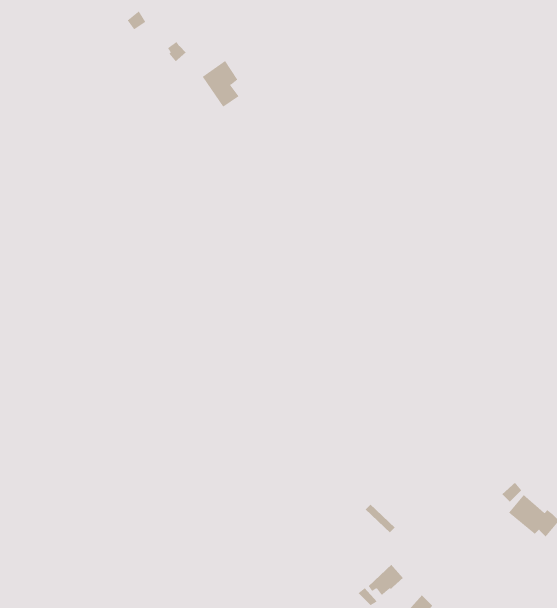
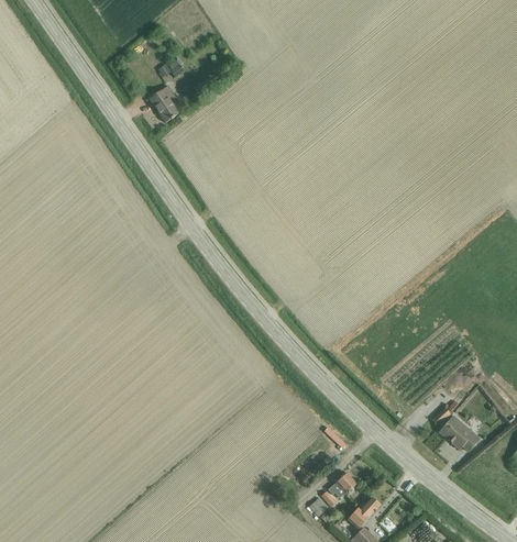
building: [202,60,239,107] -> [150,86,179,123]

